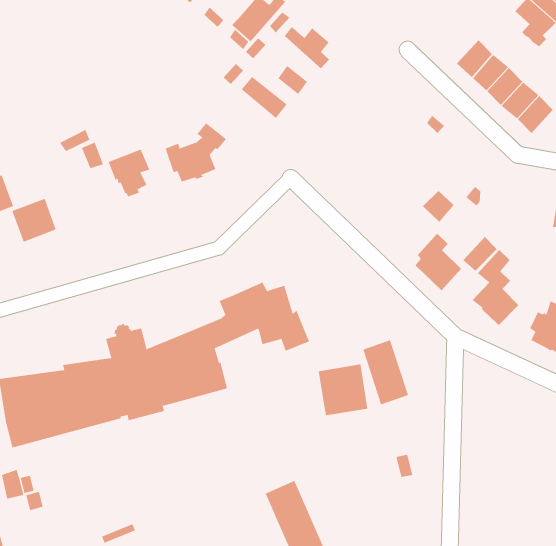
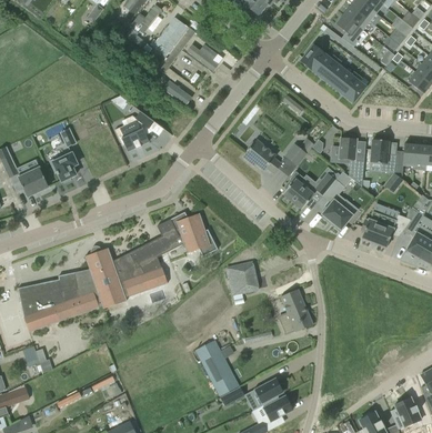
building: [108,149,150,197] -> [49,151,77,183]
building: none -> [242,142,281,173]
building: none -> [339,138,364,187]
building: [362,339,409,405] -> [280,289,312,332]

